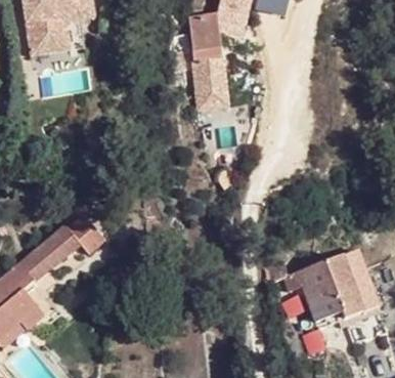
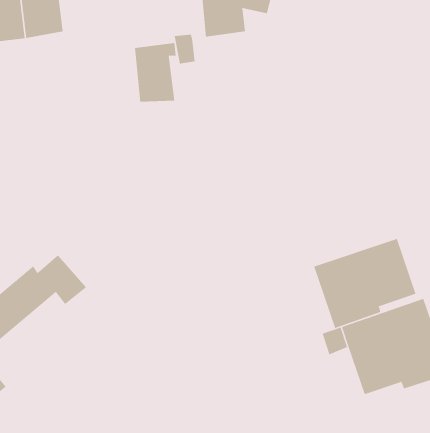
building: [192,48,224,93] -> [134,42,176,102]
building: none -> [314,238,416,329]

